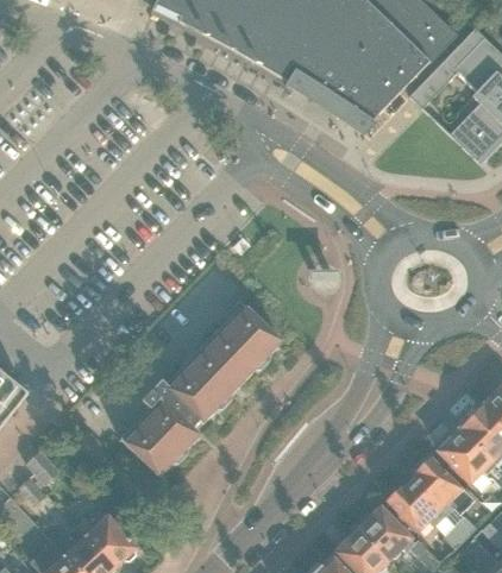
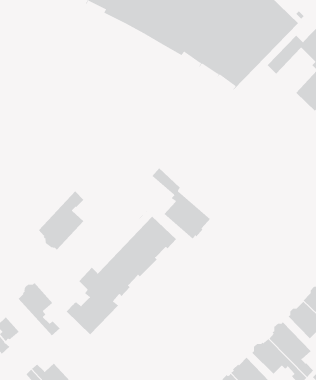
building: none -> [151,168,211,239]
building: none -> [38,191,84,250]
building: none -> [18,282,60,336]

